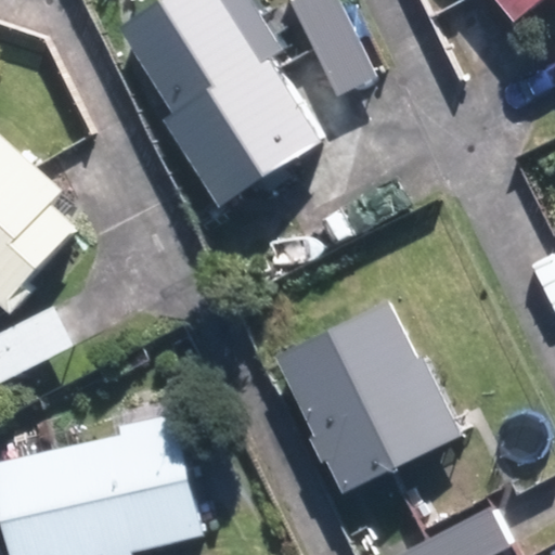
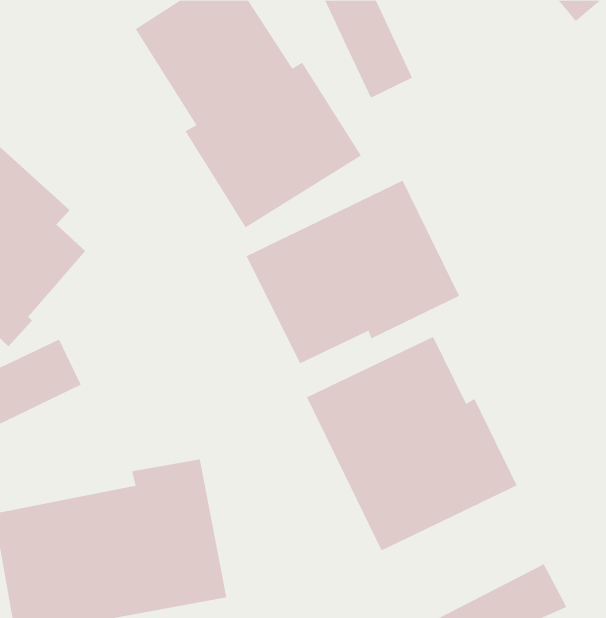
building: none -> [246,180,460,364]

